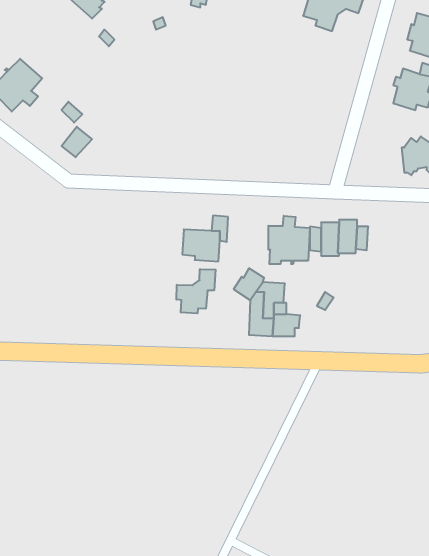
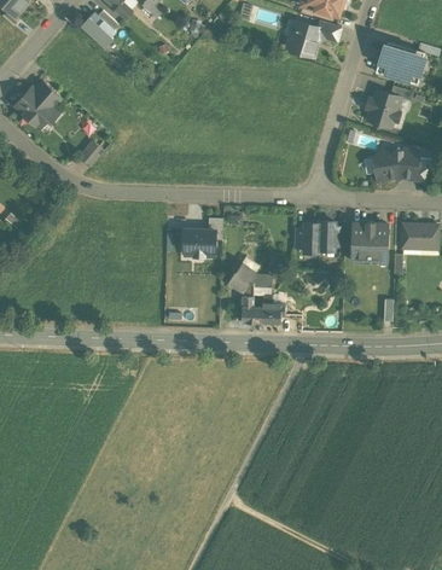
building: [268,216,310,264] -> none
building: none -> [351,222,386,262]
building: [176,269,216,313] -> none

